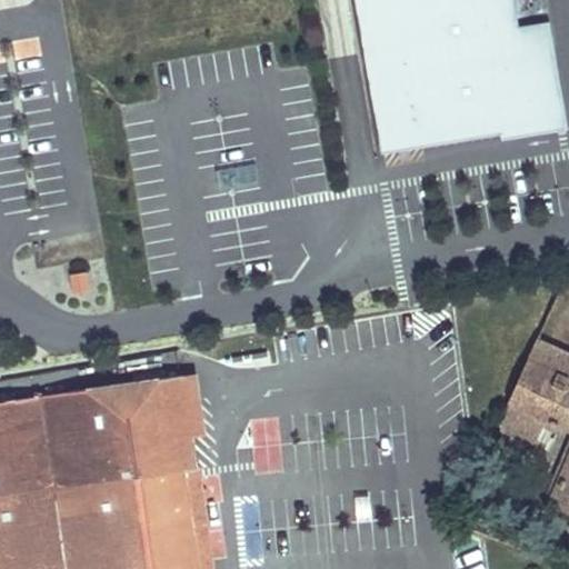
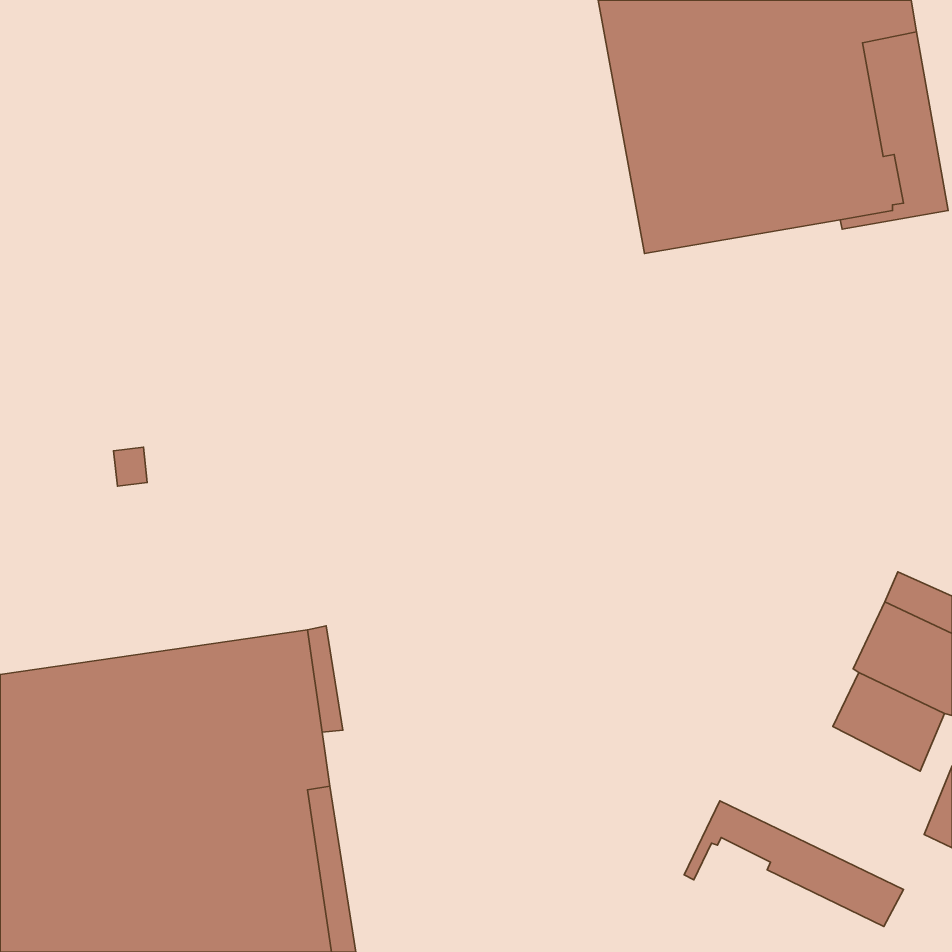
building: none -> [684,801,904,927]

